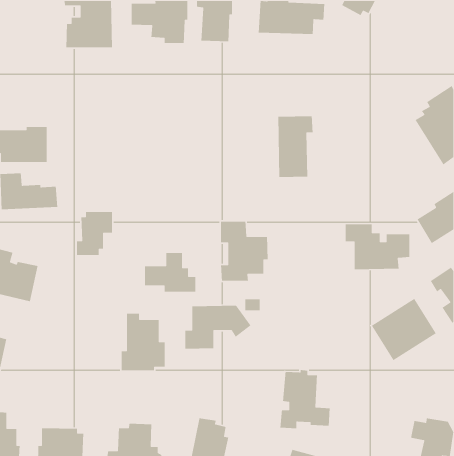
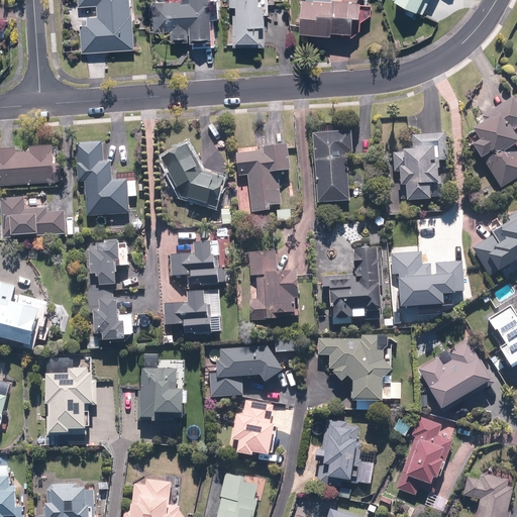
building: none -> [391,134,444,199]
building: none -> [76,142,128,215]
building: none -> [235,142,291,212]
building: none -> [160,144,223,203]
building: none -> [169,241,225,286]
building: none -> [321,247,382,324]
building: none -> [86,290,136,340]
building: none -> [316,333,400,400]
building: none -> [45,361,95,434]
building: none -> [235,401,276,453]
building: none -> [395,416,451,496]

